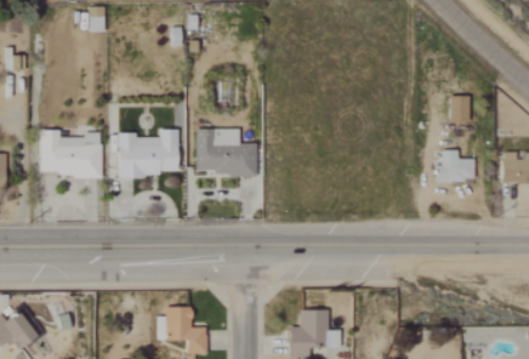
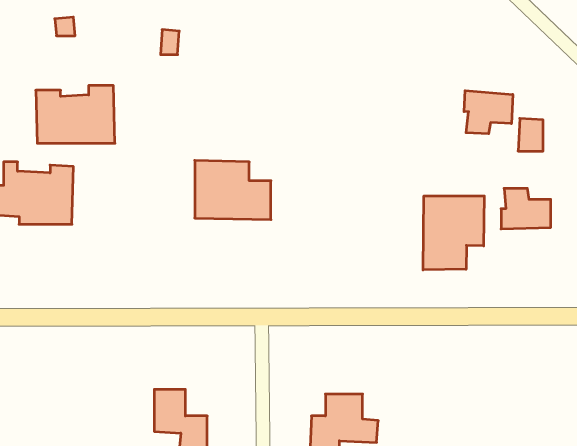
building: none -> [464,91,513,134]
building: [118,129,180,173] -> [36,86,115,143]
building: none -> [423,196,484,270]

